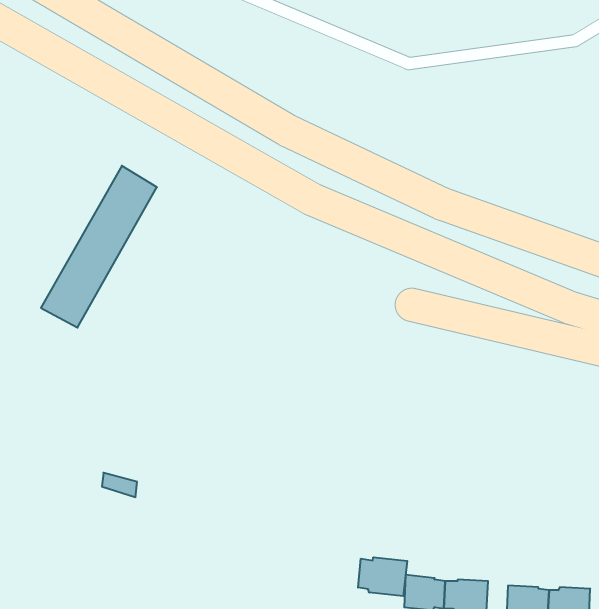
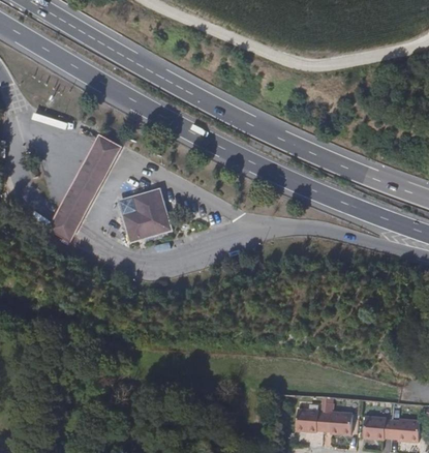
building: none -> [117,186,172,242]
building: [358,557,407,596] -> none

